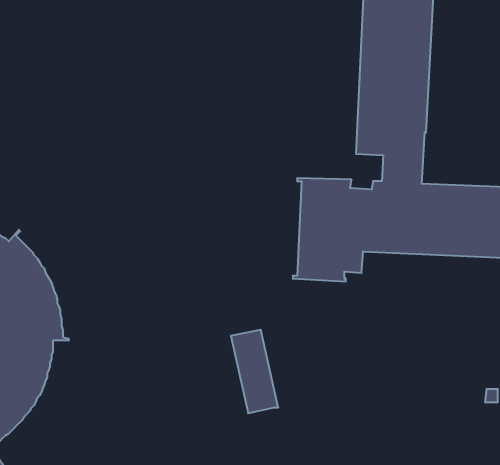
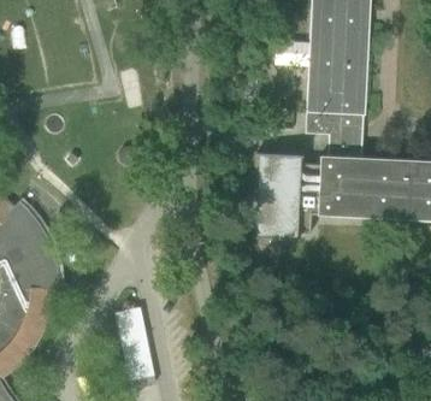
building: [231,330,278,413] -> [113,308,153,378]

